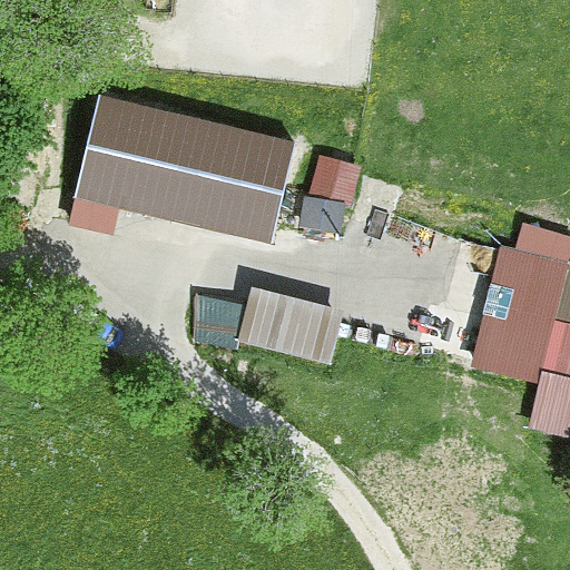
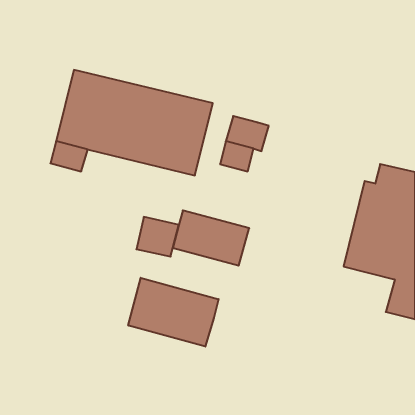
building: none -> [128,278,219,347]

